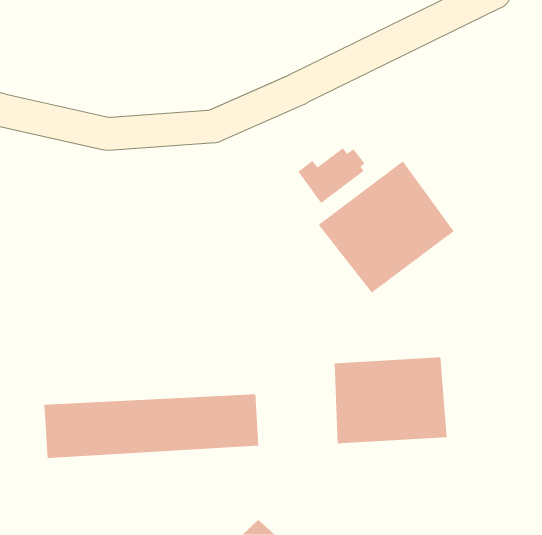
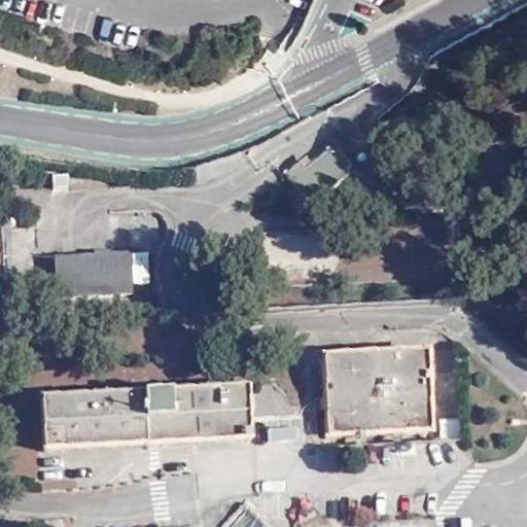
building: [318,160,455,294] -> none
building: none -> [56,247,136,291]

